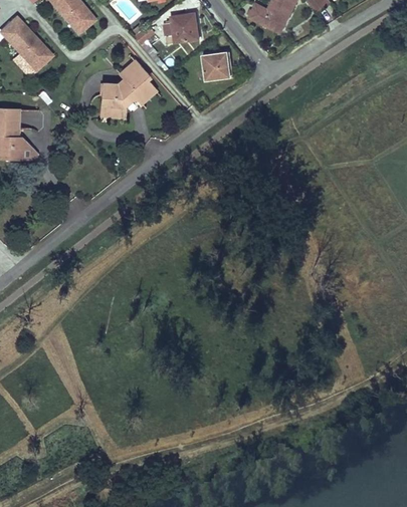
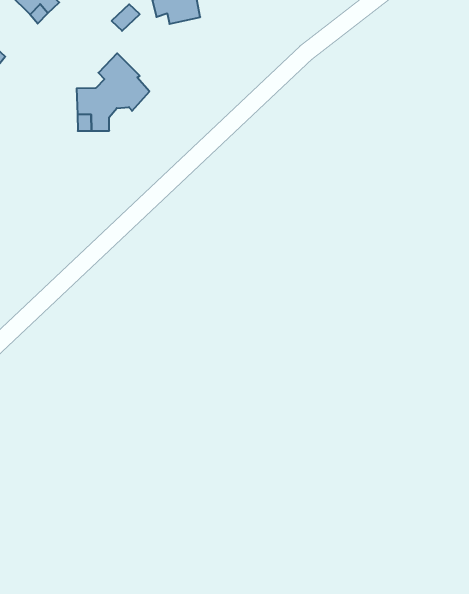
building: [203,52,231,79] -> none

